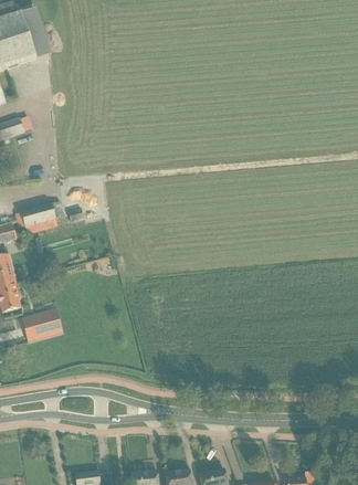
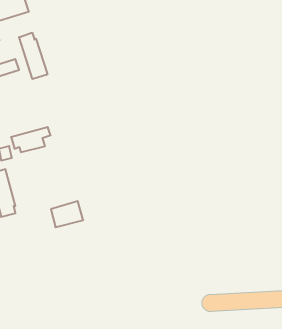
building: none -> [19,33,47,79]
building: [22,308,62,340] -> [51,201,83,227]

